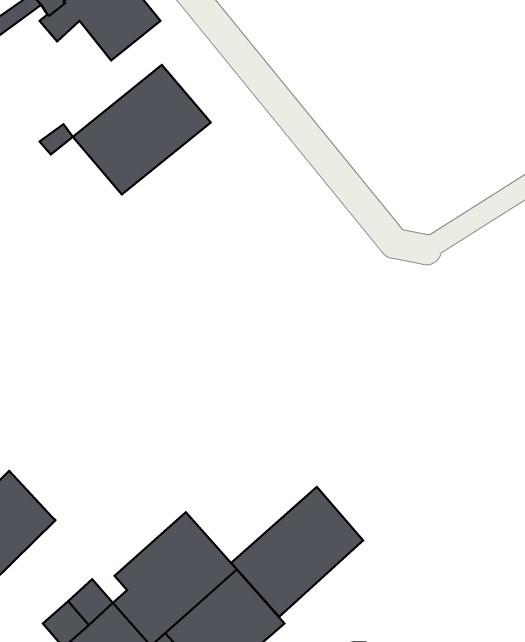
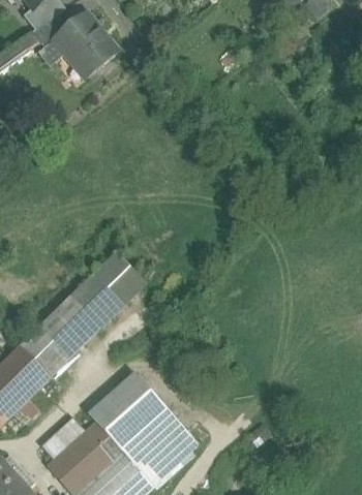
building: [73,65,211,195] -> none
building: none -> [20,253,143,375]
building: [231,487,363,617] -> none

